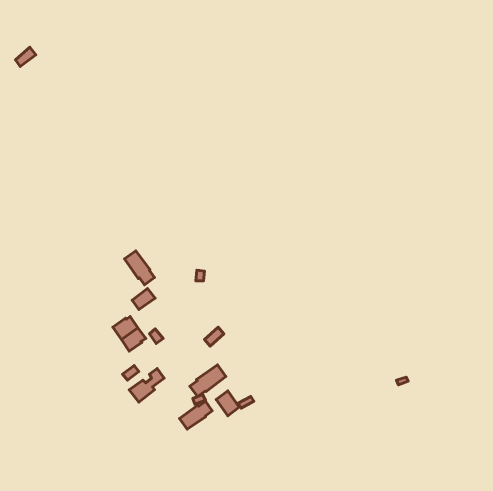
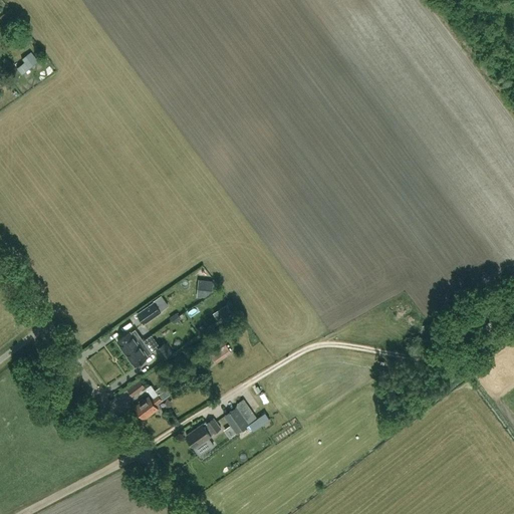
building: [124,251,155,285] -> none
building: [190,365,226,397] -> none

